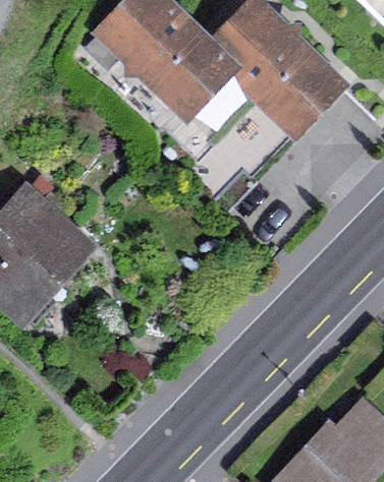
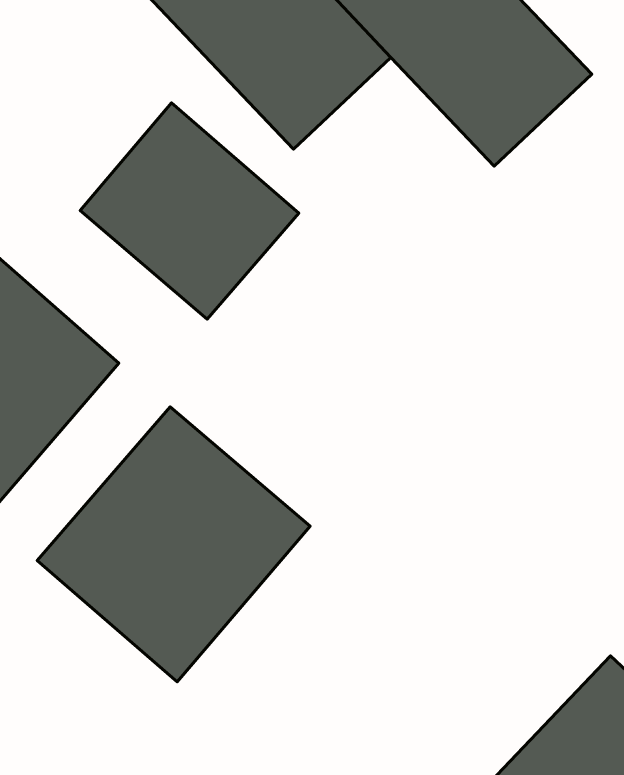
building: none -> [80,103,299,319]
building: none -> [37,407,310,682]

